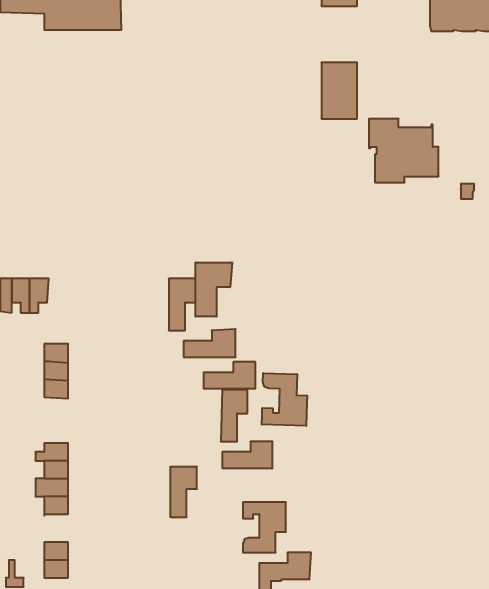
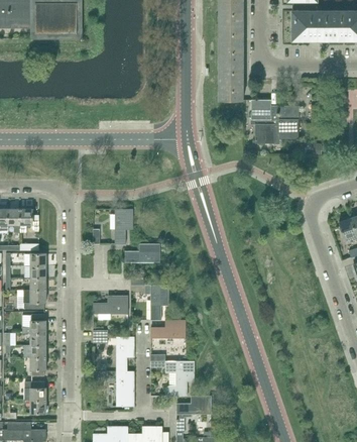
building: none -> [219,23,243,62]
building: [196,262,232,317] -> none
building: [204,362,255,389] -> [93,296,128,314]
building: [262,373,307,426] -> none
building: none -> [17,290,46,309]
building: none -> [116,371,134,407]

